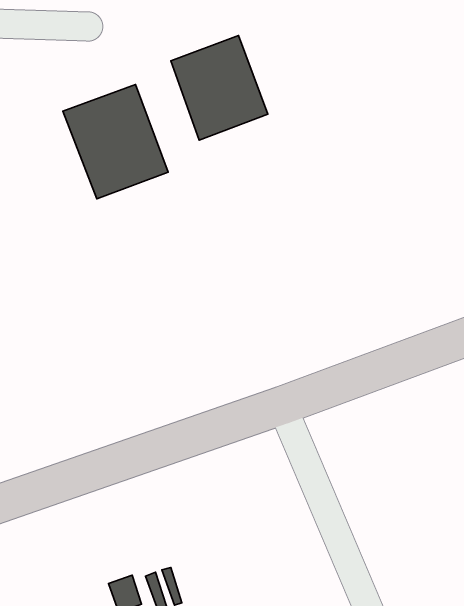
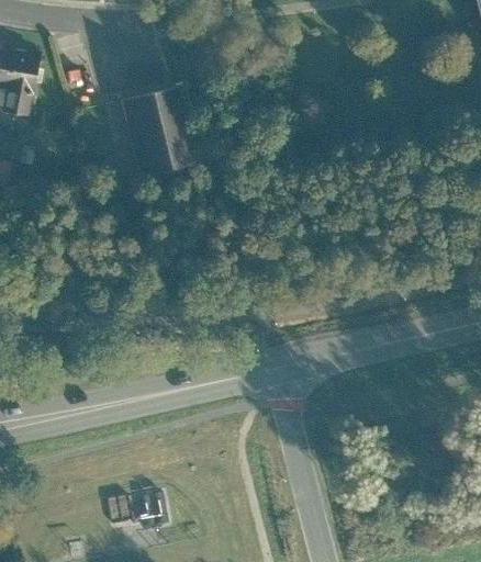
building: [171,35,268,140] -> none

